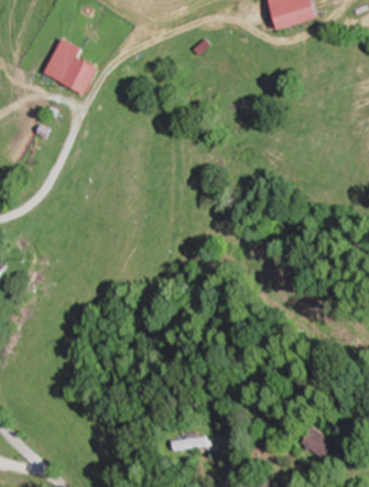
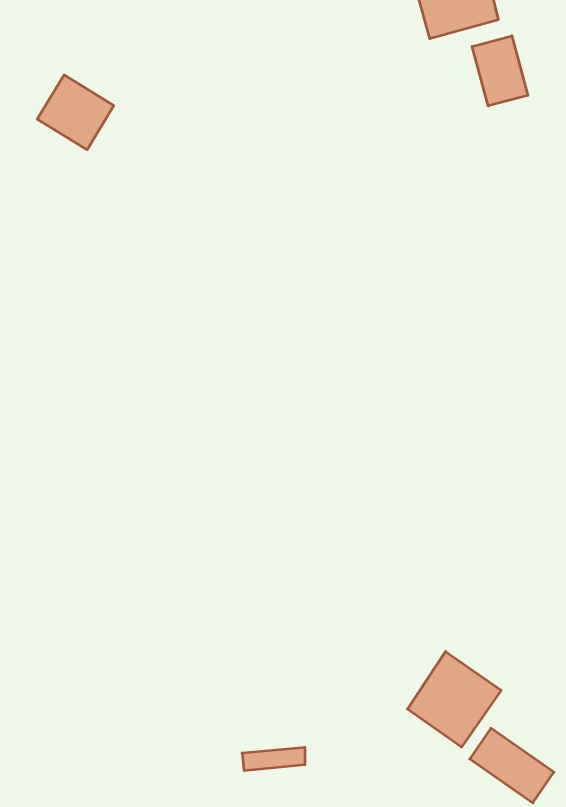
building: none -> [472,36,528,106]
building: none -> [407,651,501,747]

